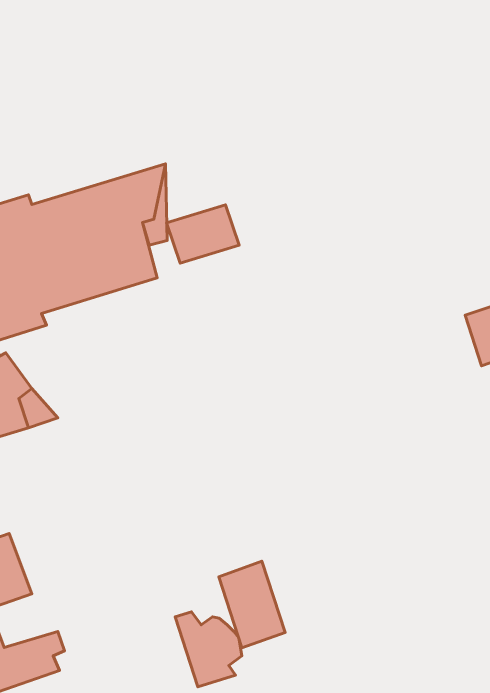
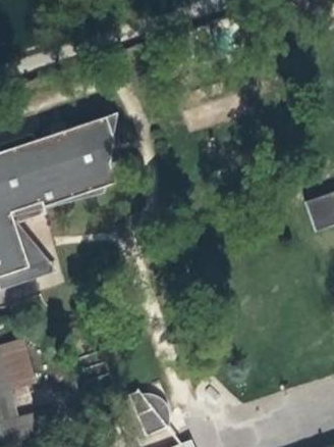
building: [167,205,239,263] -> none
building: [219,561,285,648] -> none

